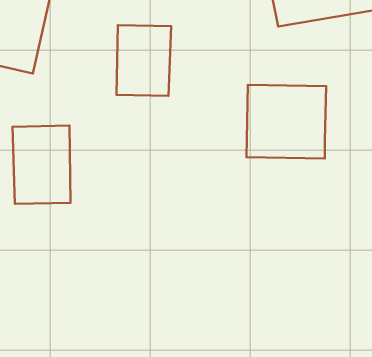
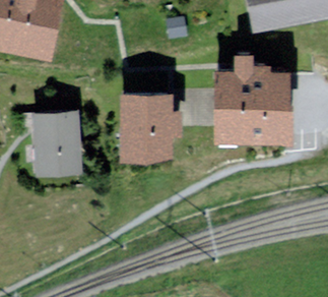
building: [117,25,171,96] -> [129,96,173,153]

